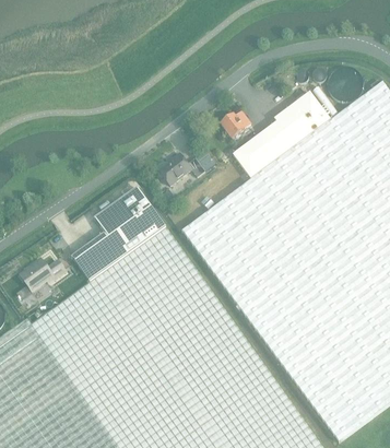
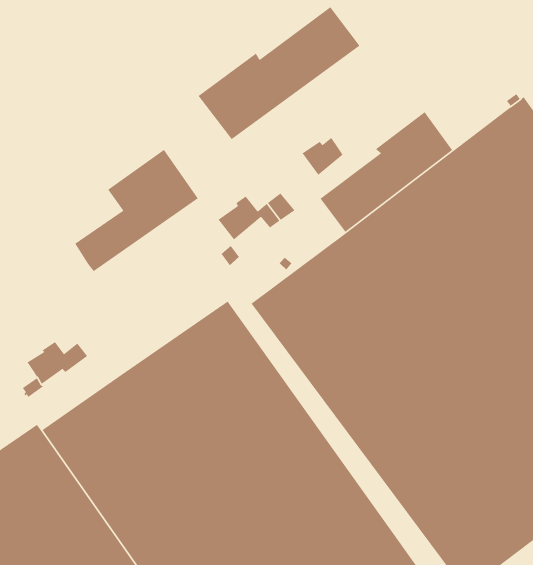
building: none -> [197,6,361,140]
building: [72,190,163,280] -> [74,149,199,272]

